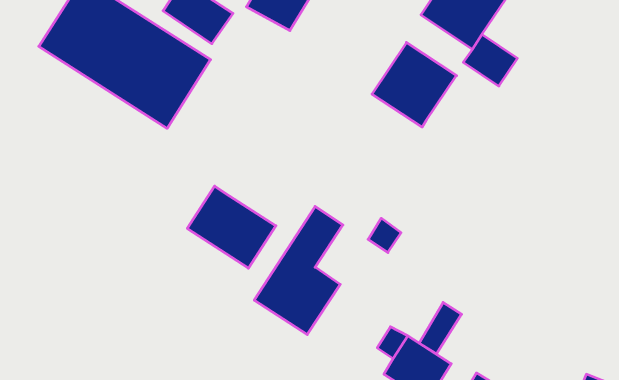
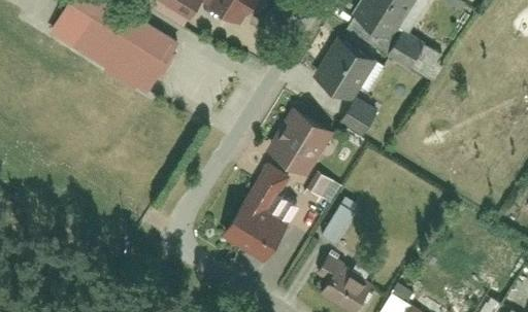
building: none -> [336,95,376,135]
building: none -> [264,106,334,175]
building: [187,186,276,268] -> none
building: [419,302,462,354] -> [321,203,354,243]

